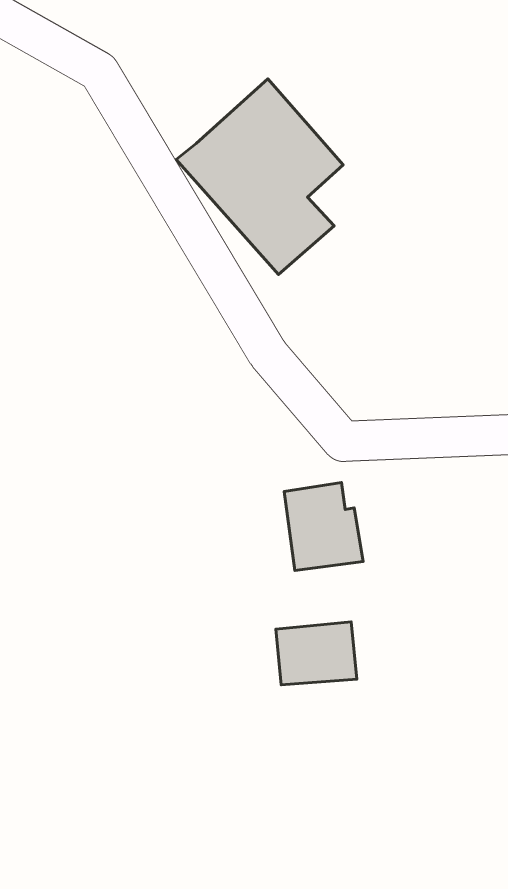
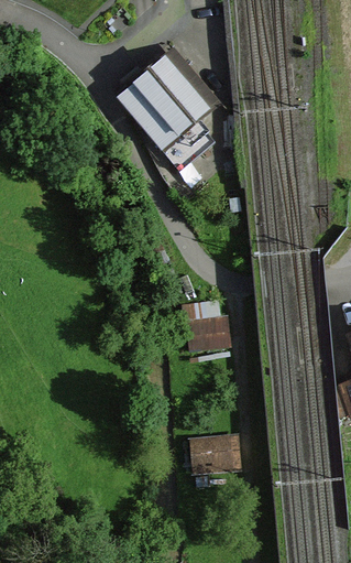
building: [276,622,357,685] -> [187,434,237,473]

